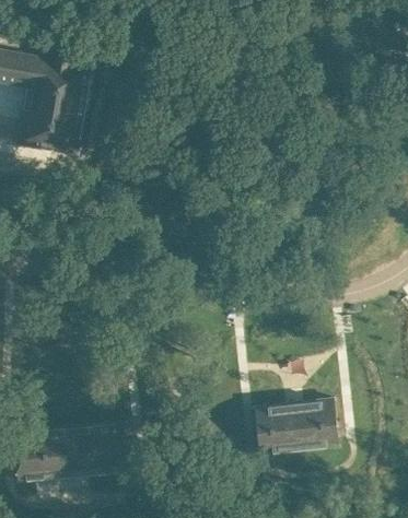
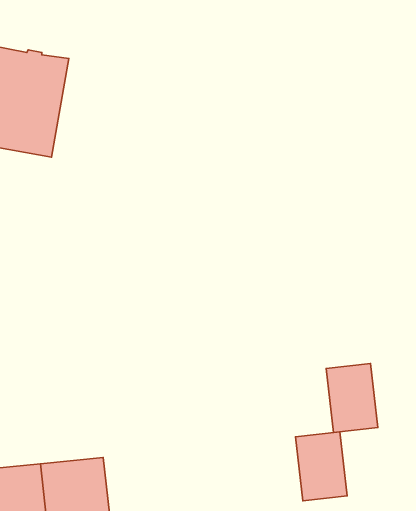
building: [254,402,300,463] -> [326,364,378,432]

